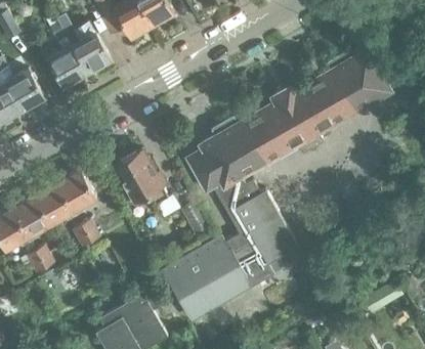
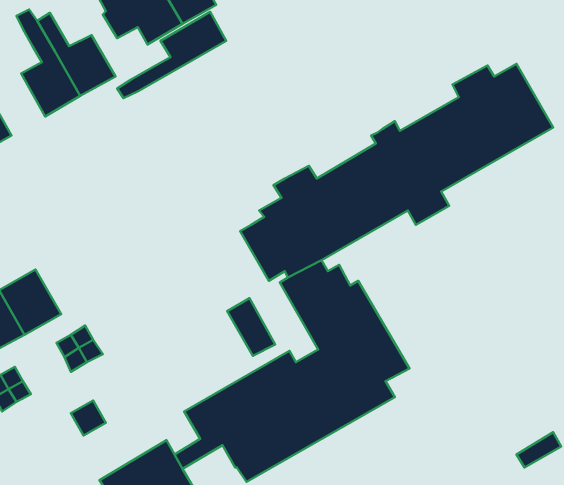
building: none -> [117,12,226,98]
building: [116,152,167,204] -> none
building: [57,170,96,212] -> none

